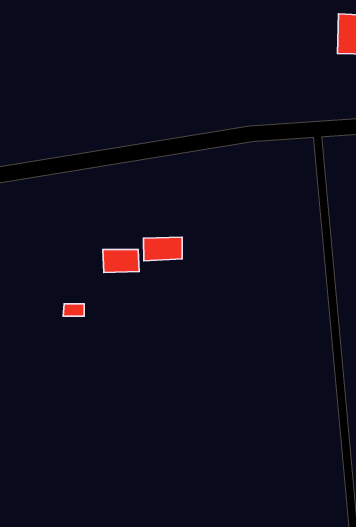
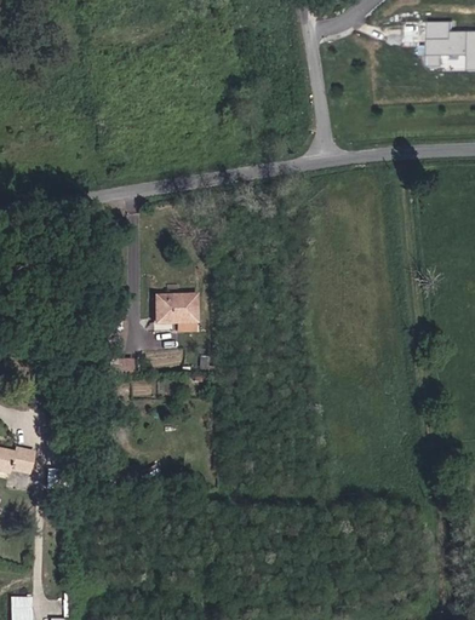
building: [144,237,182,261] -> none

